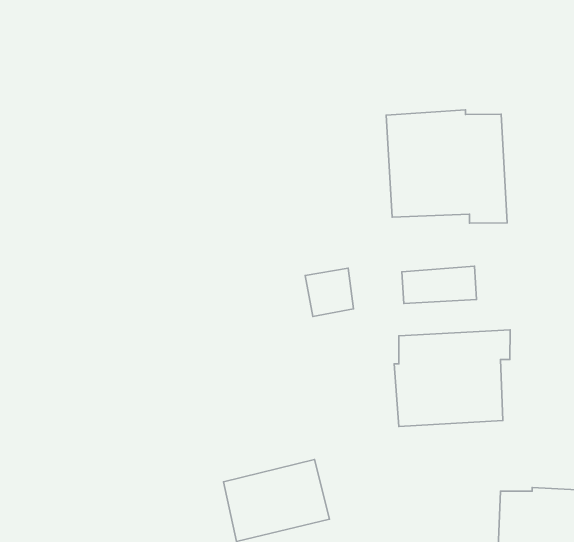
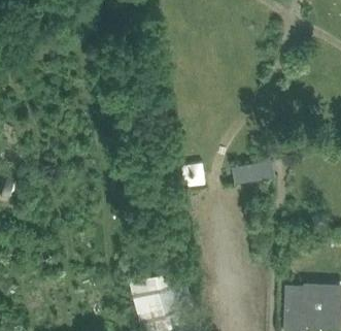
building: [386,110,507,223] -> none
building: [394,330,510,426] -> none

